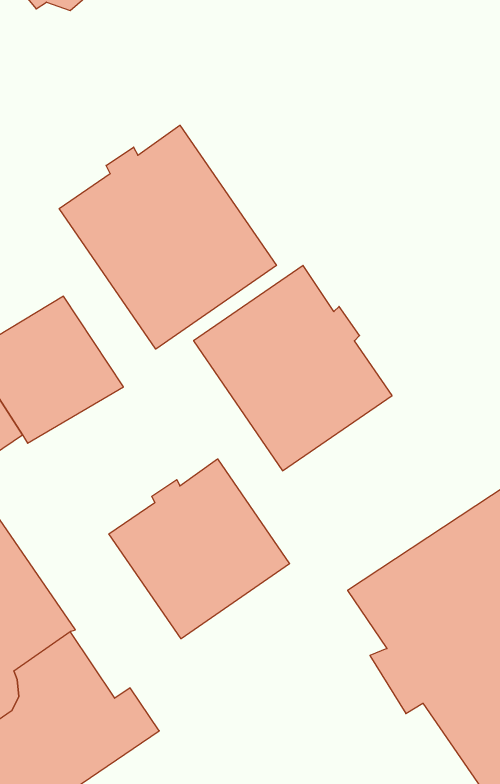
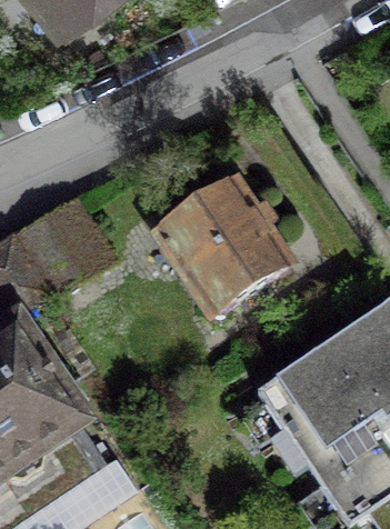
building: [59,125,276,349] -> none
building: [109,459,290,639] -> none

